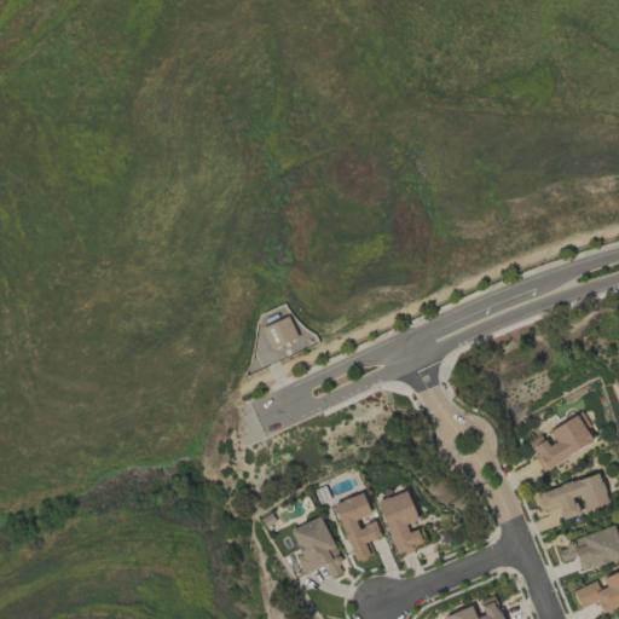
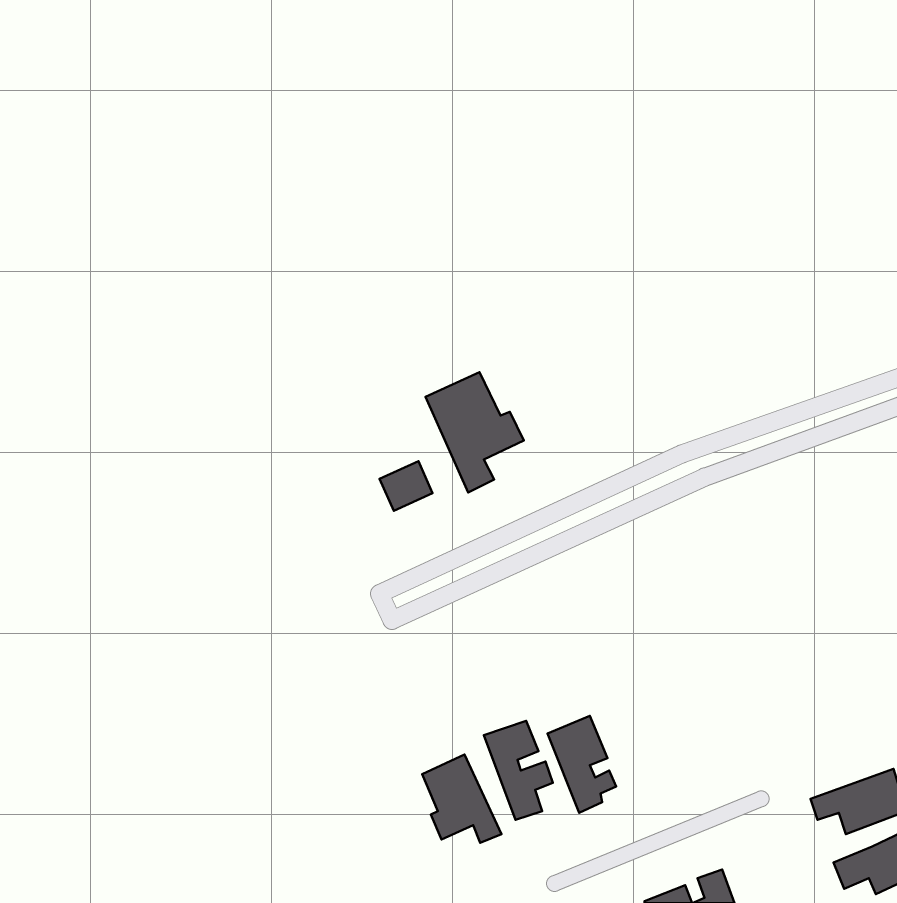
building: none -> [425,372,524,492]
building: [531,412,594,469] -> none
building: [540,474,609,520] -> none

